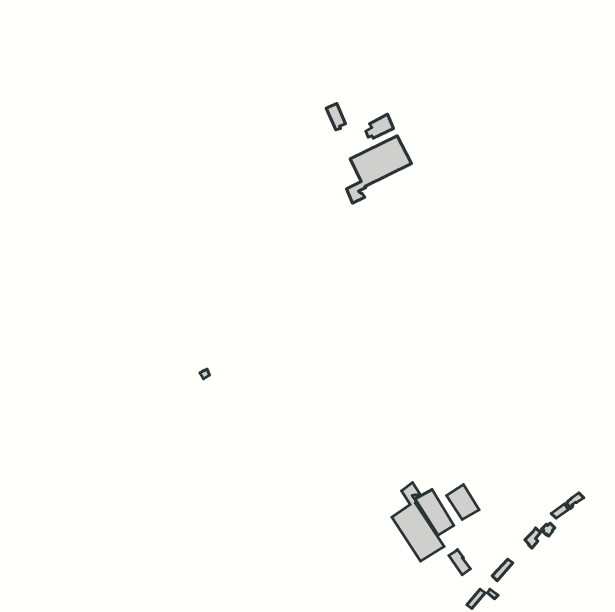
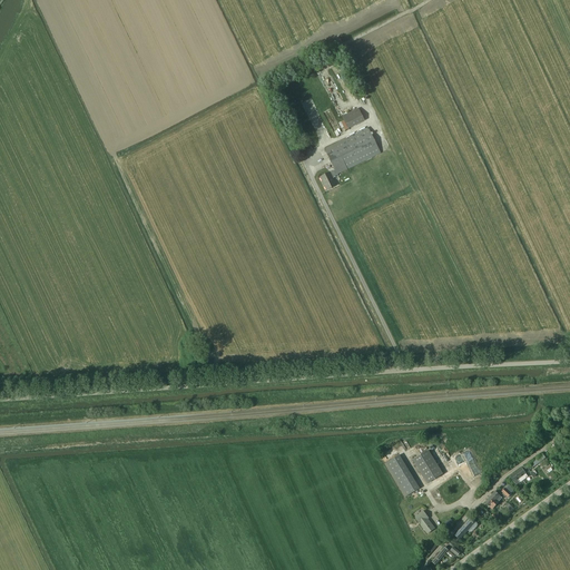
building: [392,483,444,561] -> none

